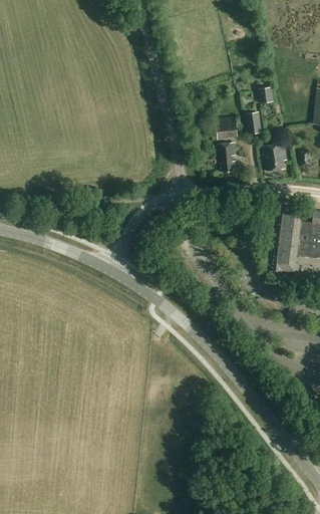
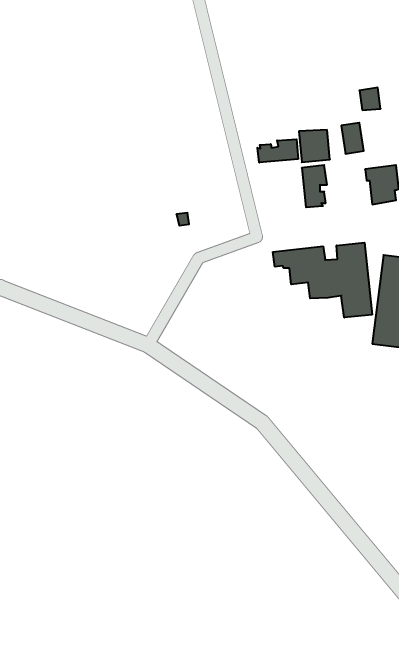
building: none -> [257,139,298,163]
building: none -> [273,243,372,318]

